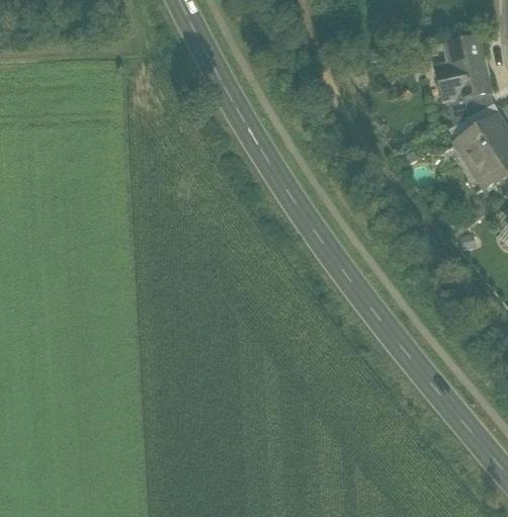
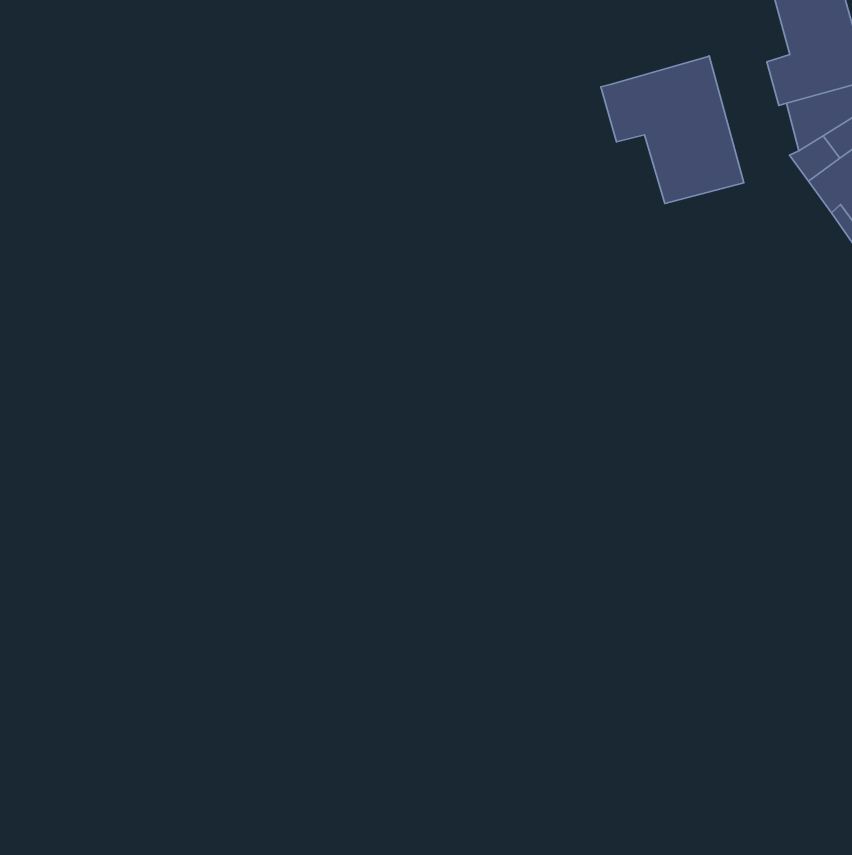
building: none -> [601,56,744,204]

